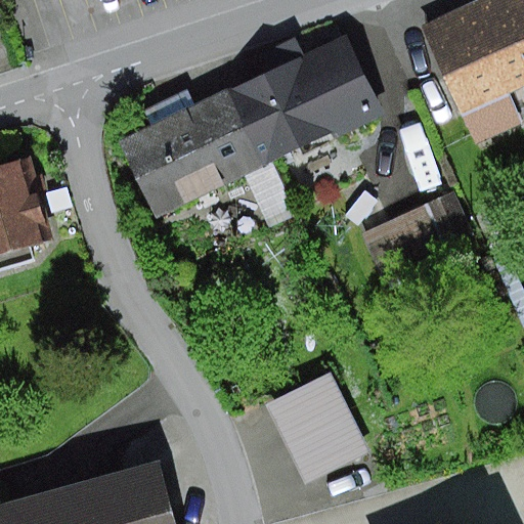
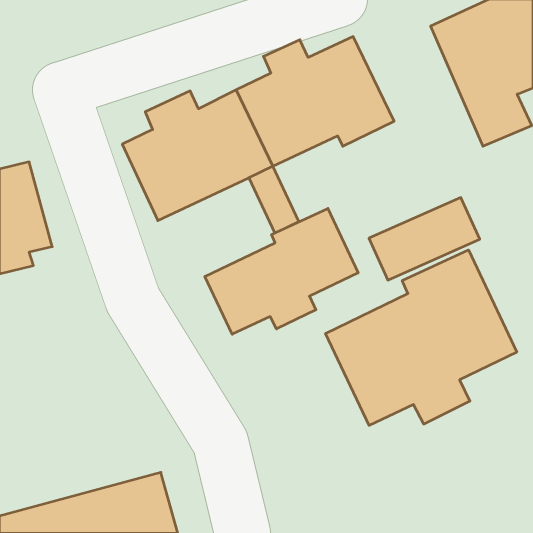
building: none -> [205,208,358,334]
building: none -> [326,250,517,425]
building: [266,373,367,483] -> none

